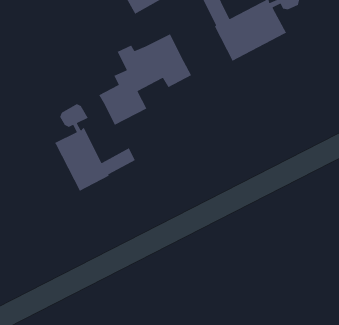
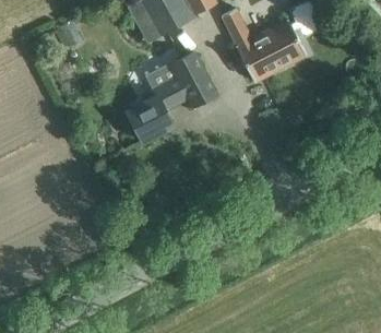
building: [54,103,136,192] -> none

